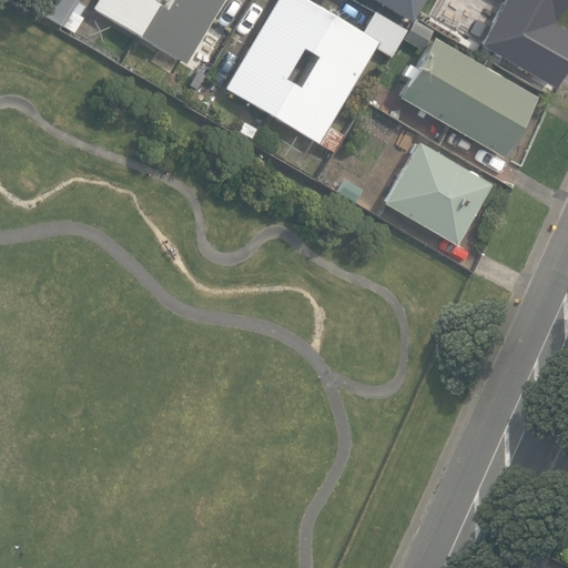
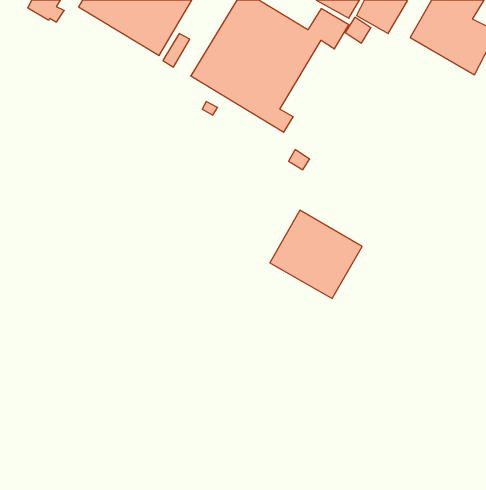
building: [399,37,536,156] -> none
building: [385,142,491,244] -> [270,210,362,298]

